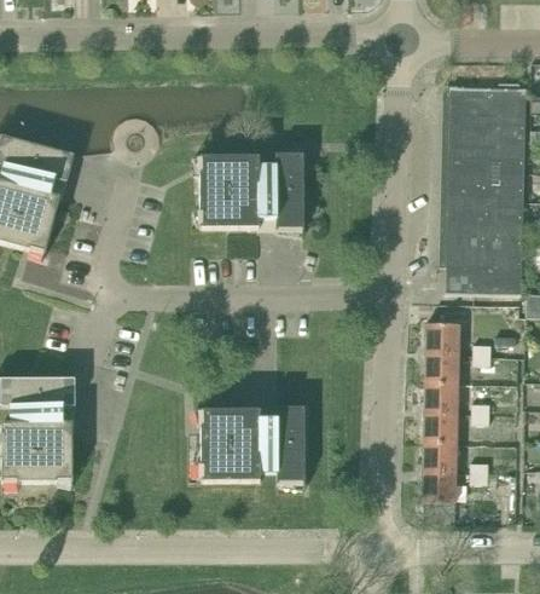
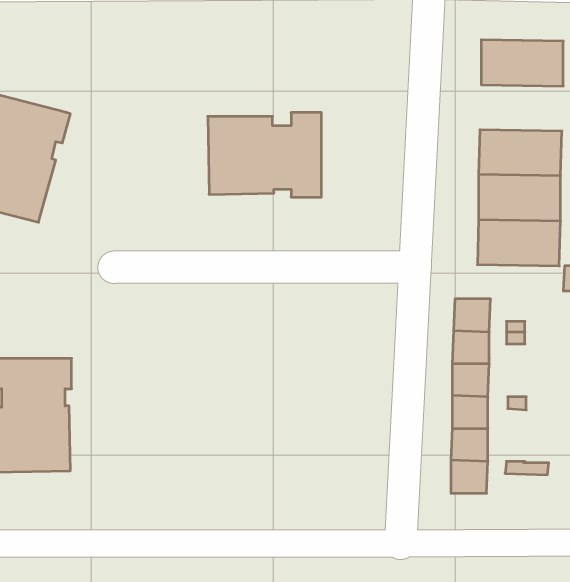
building: [448,127,524,169] -> none
building: [201,405,304,483] -> none

